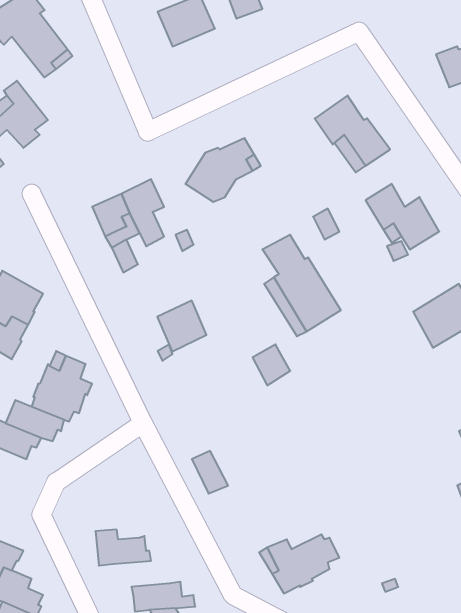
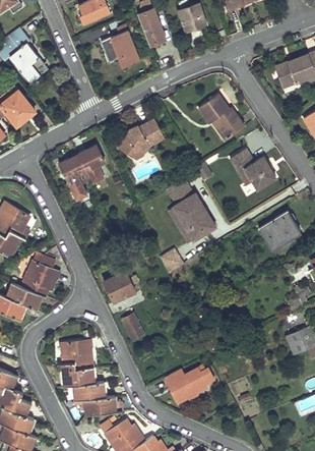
building: [157,301,206,351] -> [105,270,135,301]
building: none -> [61,339,92,369]
building: none -> [73,382,108,399]

